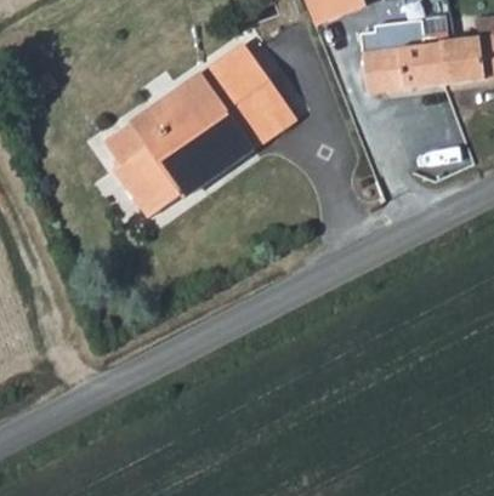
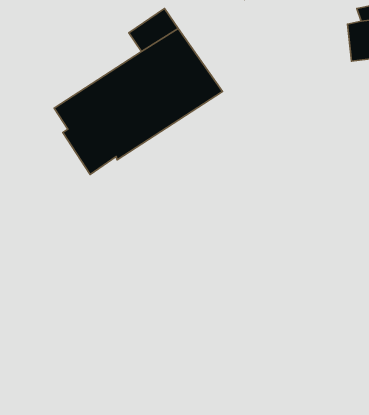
building: [360,18,445,93] -> none

